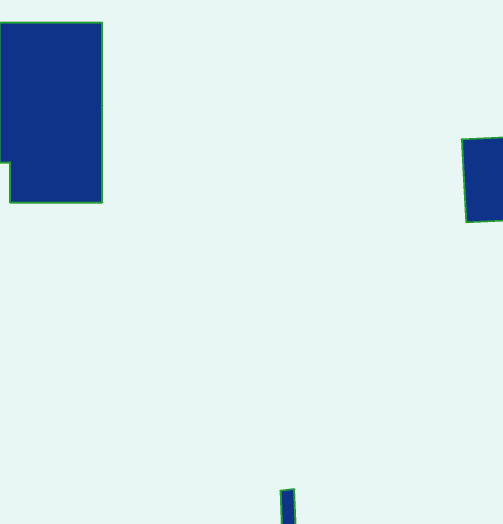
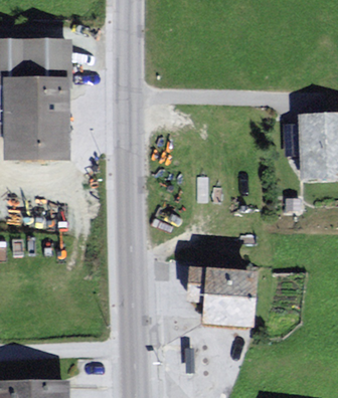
building: none -> [193,269,258,324]

